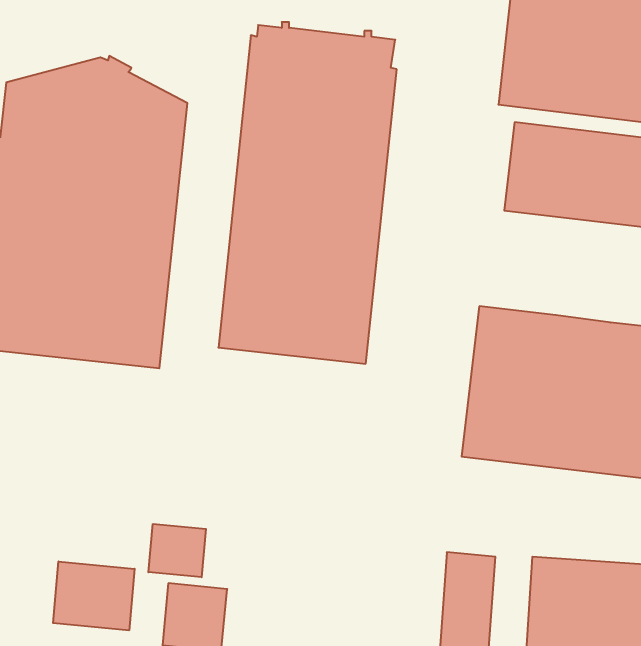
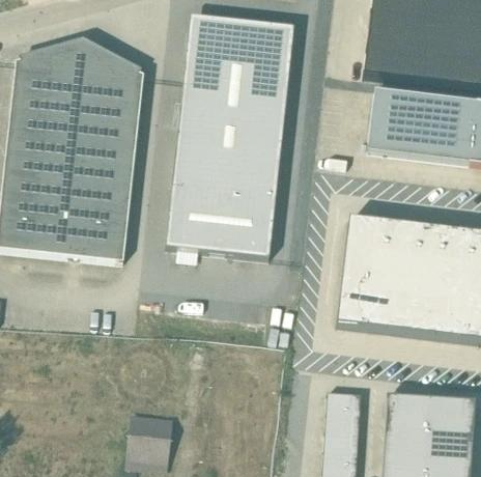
building: [148,524,206,577] -> none
building: [53,561,135,630] -> none

